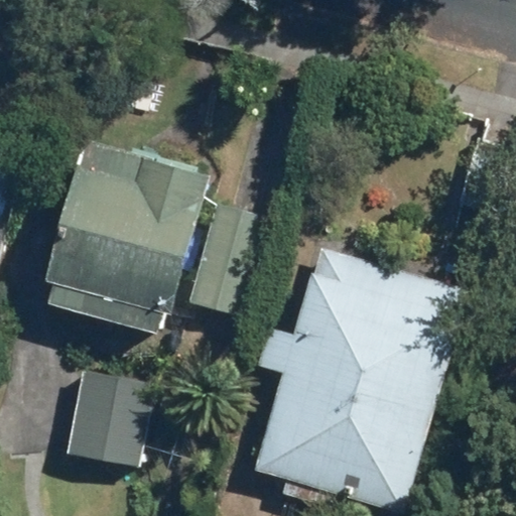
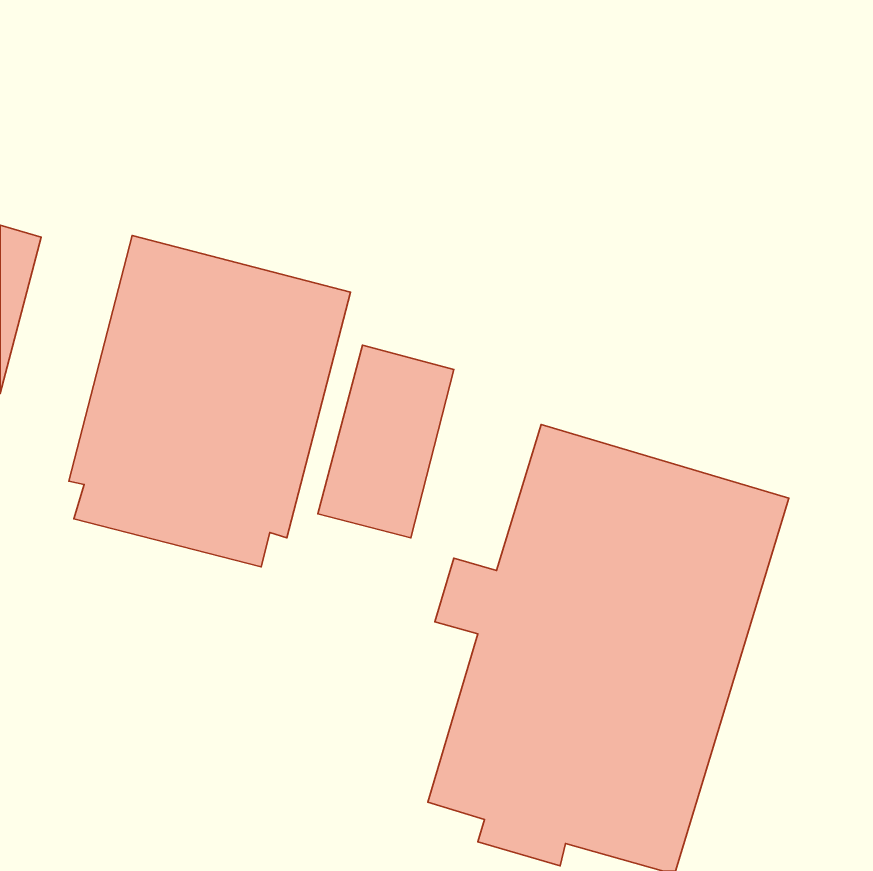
building: [69,369,157,466] -> none

